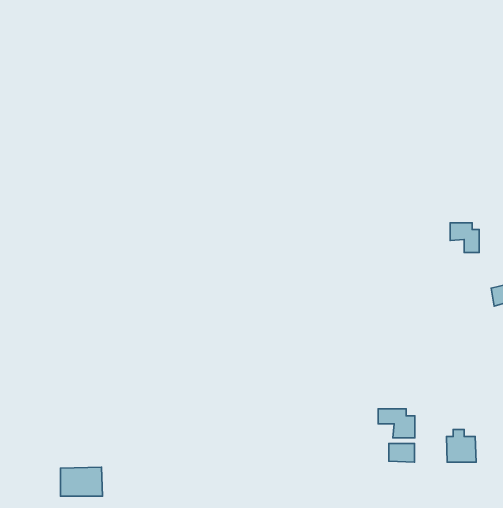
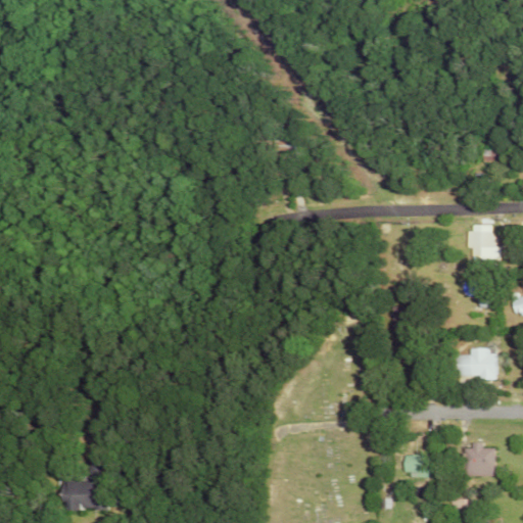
building: none -> [456,347,495,380]
building: [378,409,415,438] -> none

